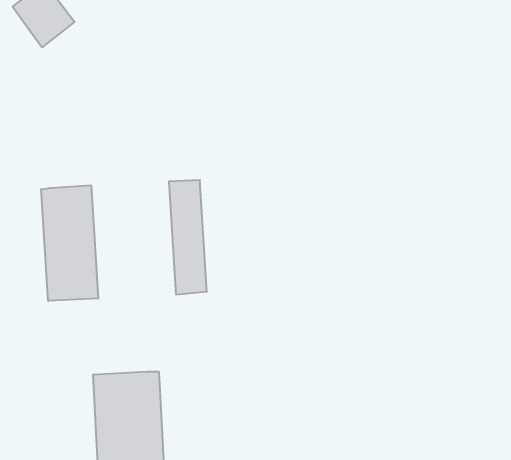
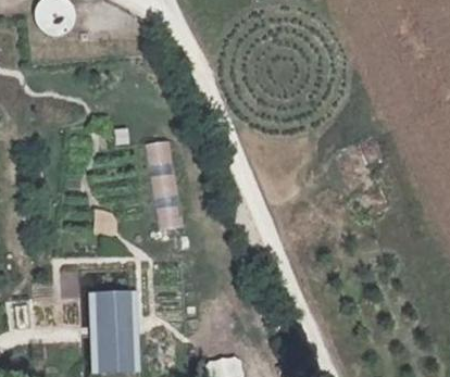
building: [41,185,98,301] -> none

